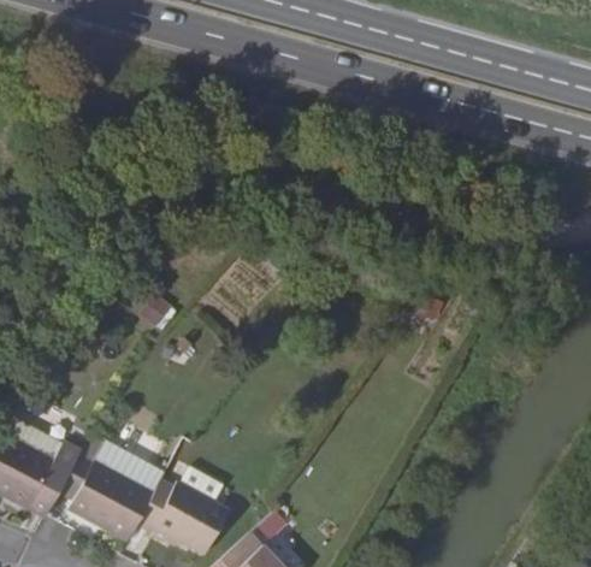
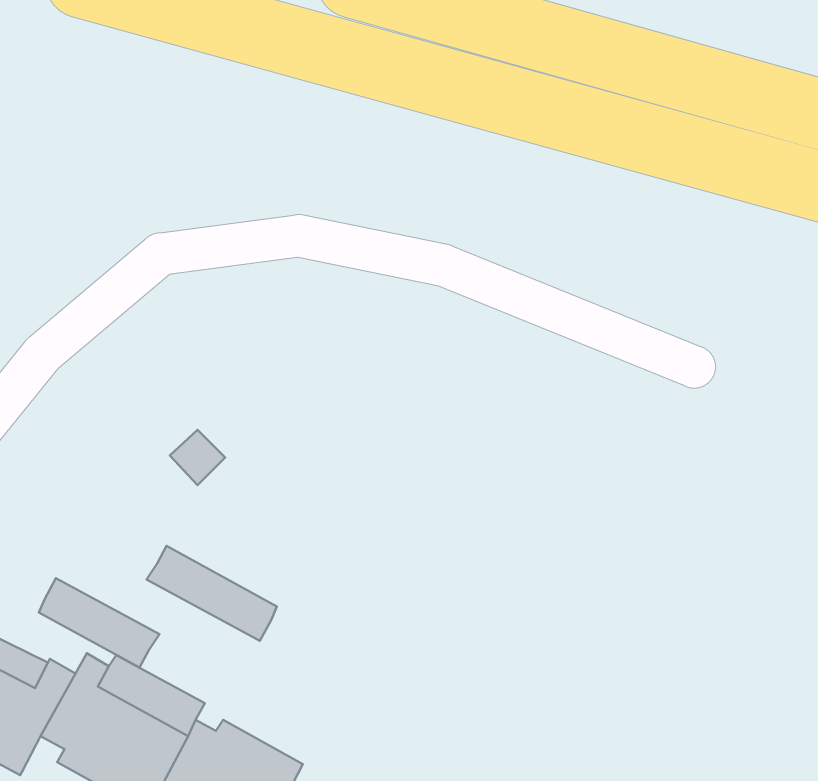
building: none -> [146,546,277,641]
building: none -> [39,578,159,668]

